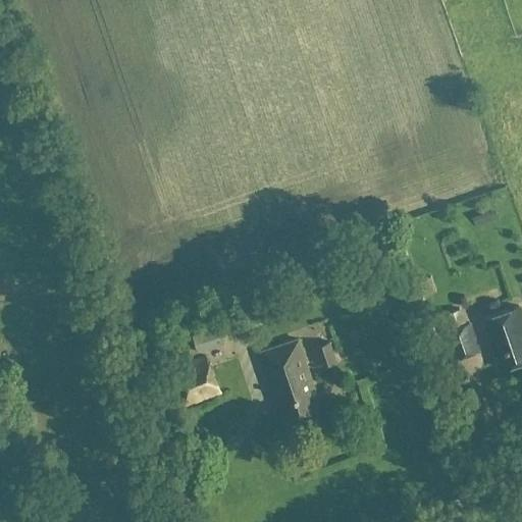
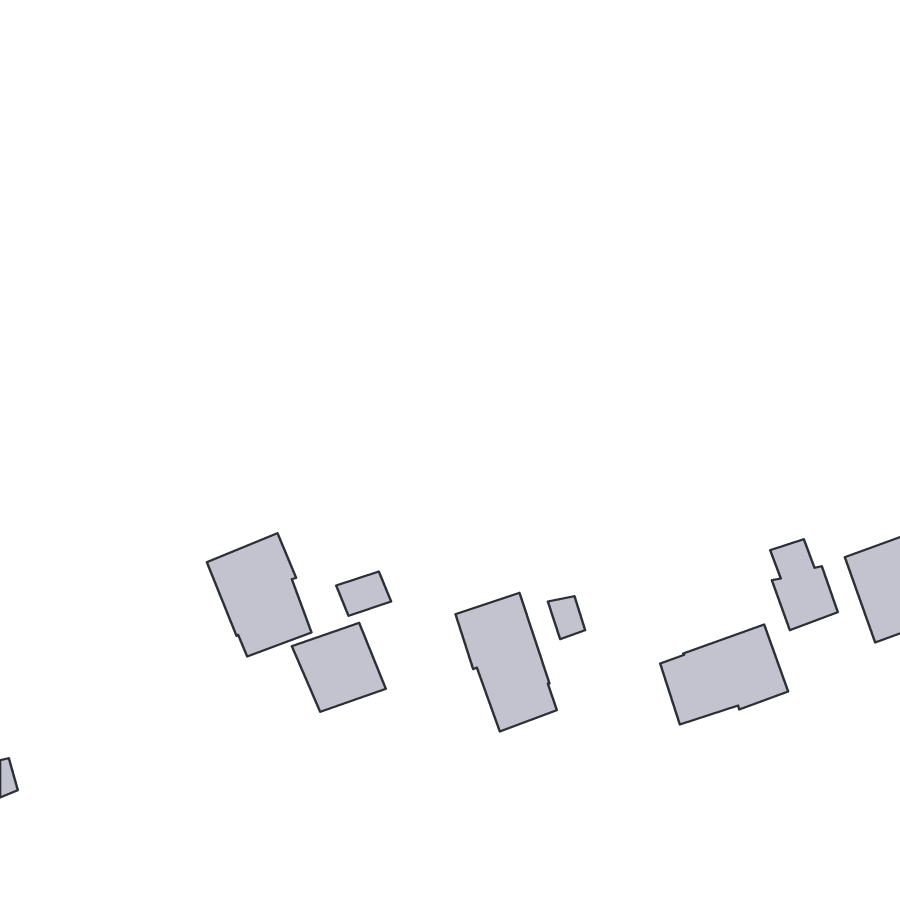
building: none -> [207,533,311,657]
building: none -> [660,624,788,724]

